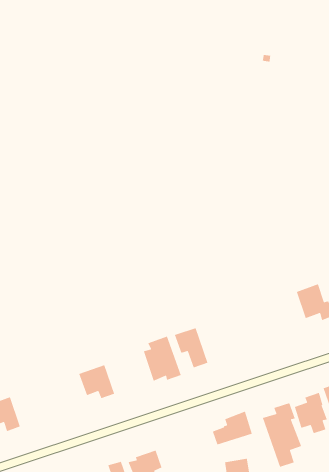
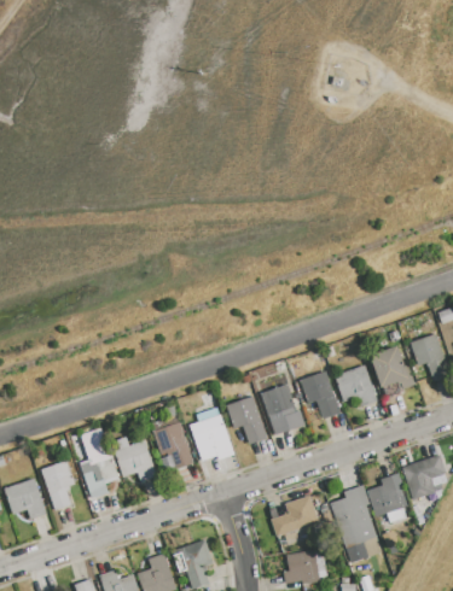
building: none -> [335,364,377,406]
building: none -> [301,371,339,420]
building: none -> [261,385,304,434]
building: none -> [151,421,193,473]
building: none -> [80,441,120,498]
building: none -> [40,461,76,509]

